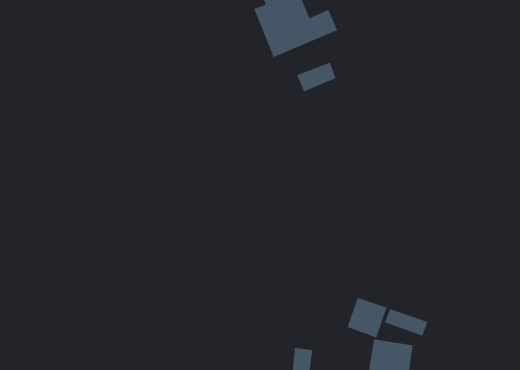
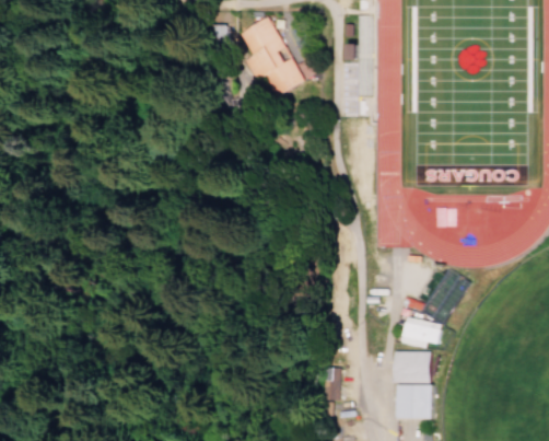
building: [296,62,336,92] -> none
building: [347,297,388,339] -> none

